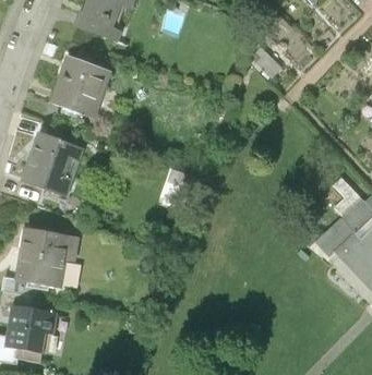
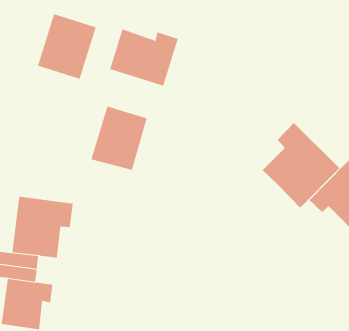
building: none -> [110,29,178,87]
building: [24,131,81,194] -> [91,106,148,171]
building: none -> [262,122,340,208]

